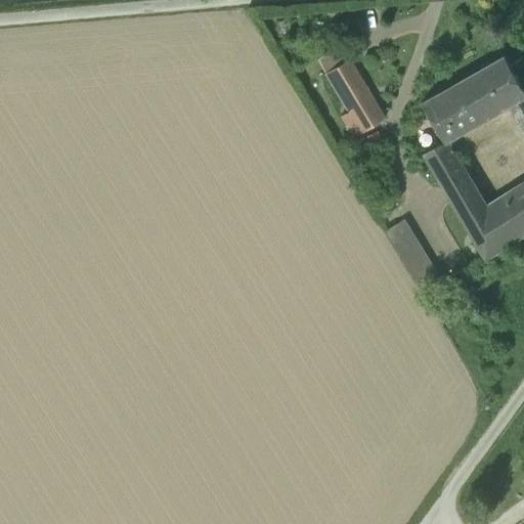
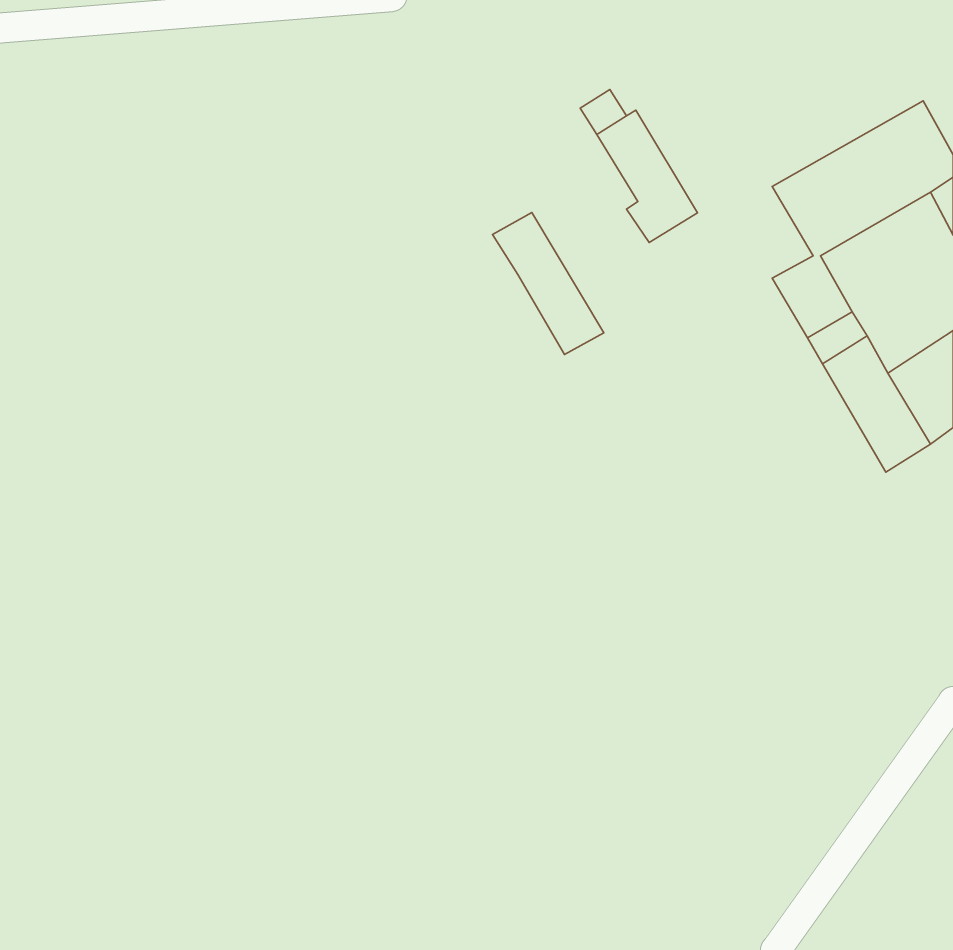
building: none -> [492,213,604,354]
building: [386,220,440,293] -> none

